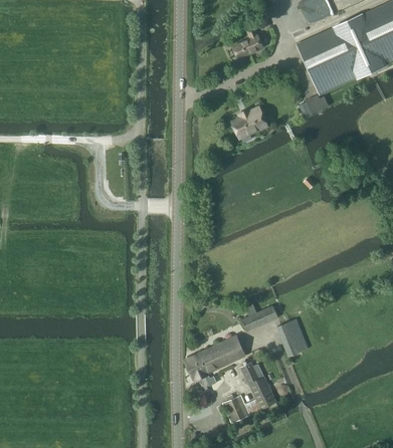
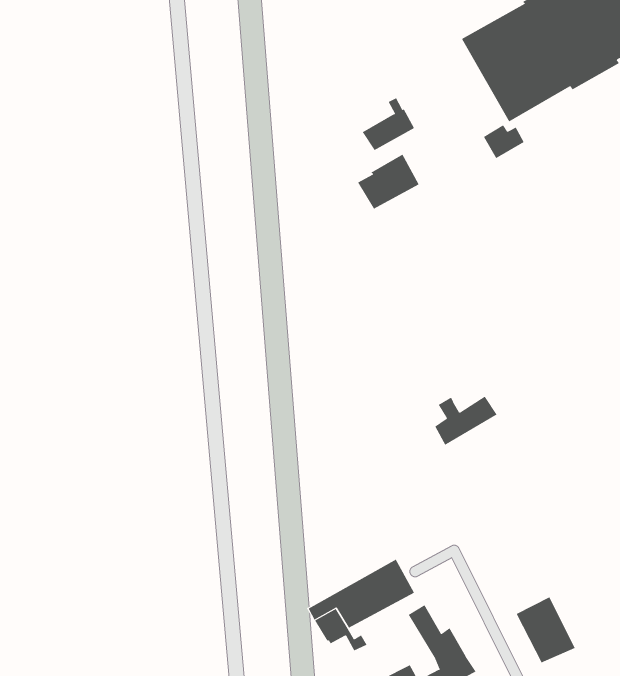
building: [232,29,262,58] -> [362,97,415,151]
building: [241,304,277,331] -> [434,396,497,445]
building: [275,319,308,357] -> [516,597,575,663]

